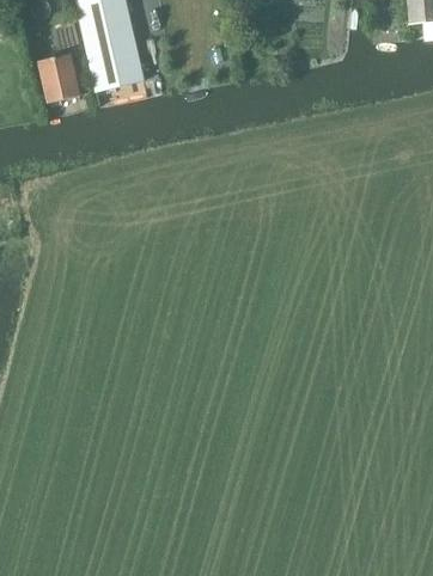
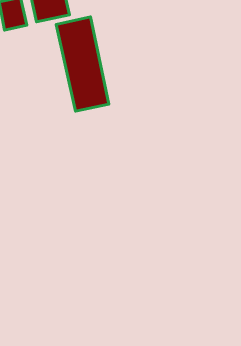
building: none -> [56,17,109,111]

